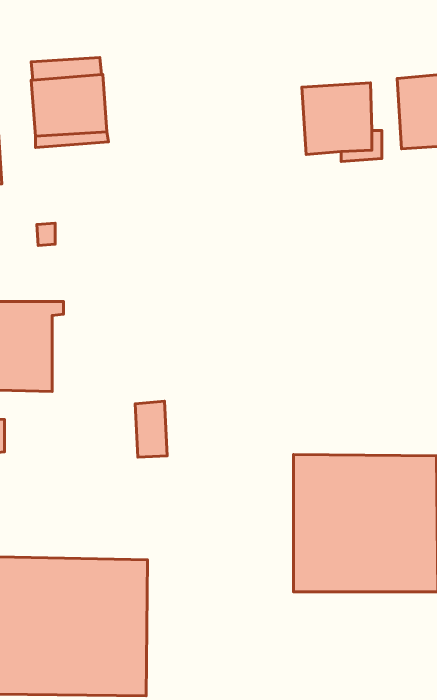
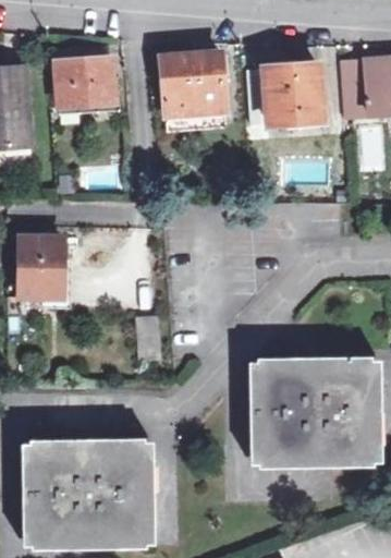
building: none -> [160,53,223,117]

